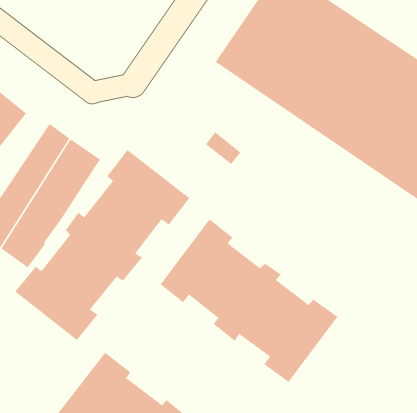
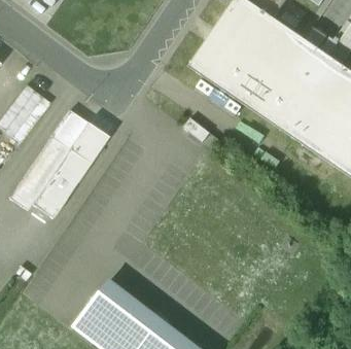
building: [14,149,190,341] -> none
building: [160,218,338,383] -> none

